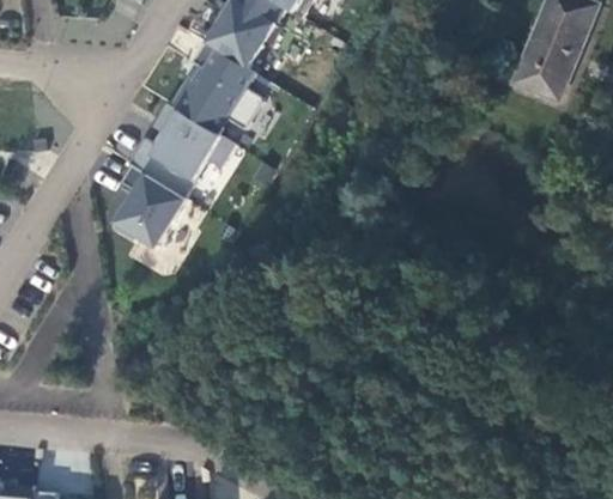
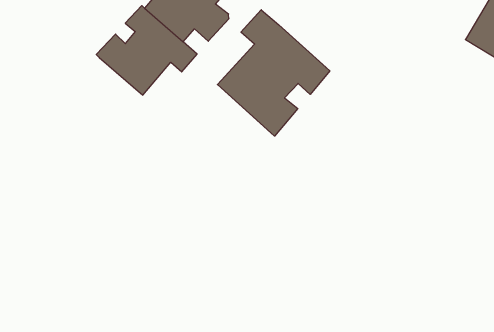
building: none -> [217,10,330,136]
building: [113,165,184,247] -> none

